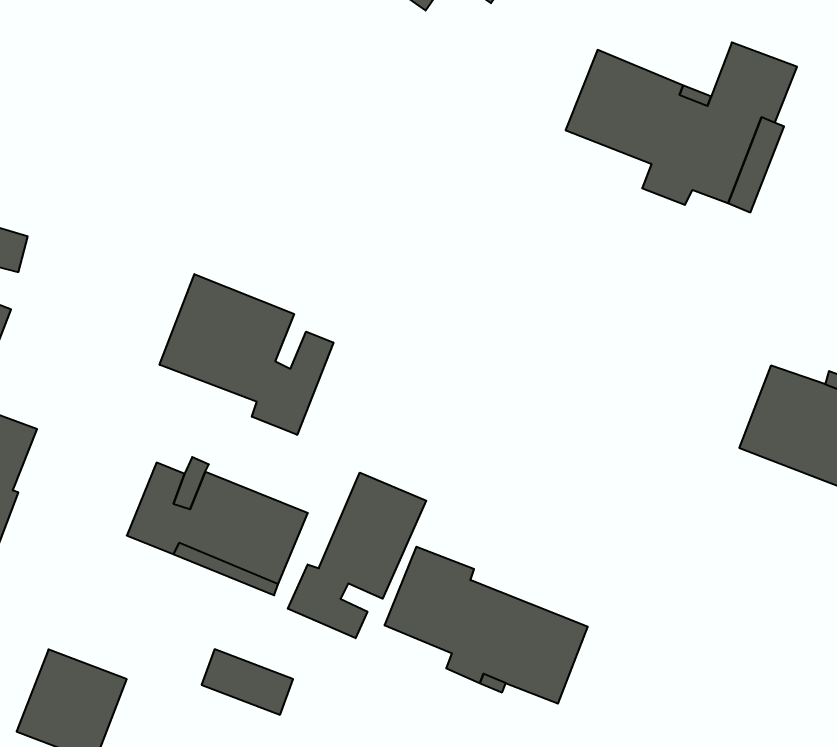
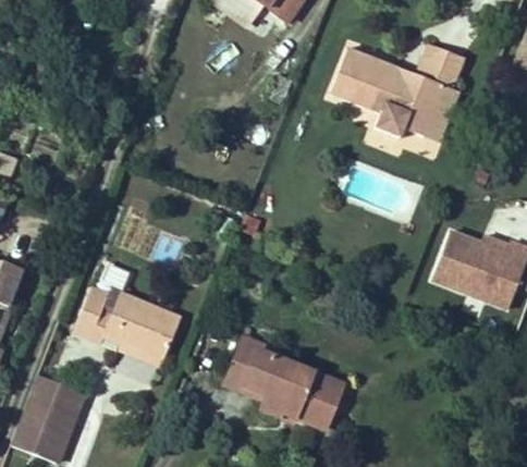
building: [160,274,333,435] -> none
building: [288,473,426,638] -> none
building: [202,649,293,715] -> [29,374,83,413]

